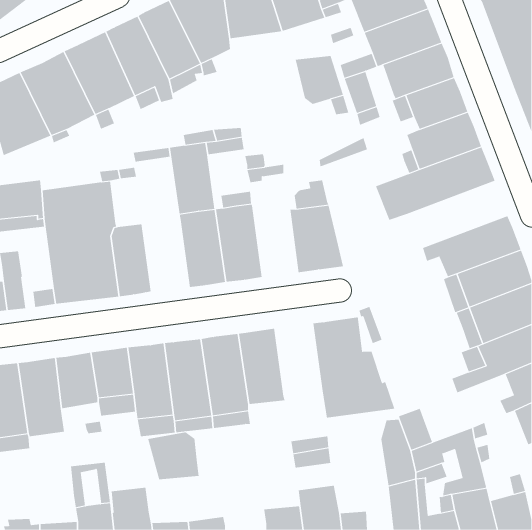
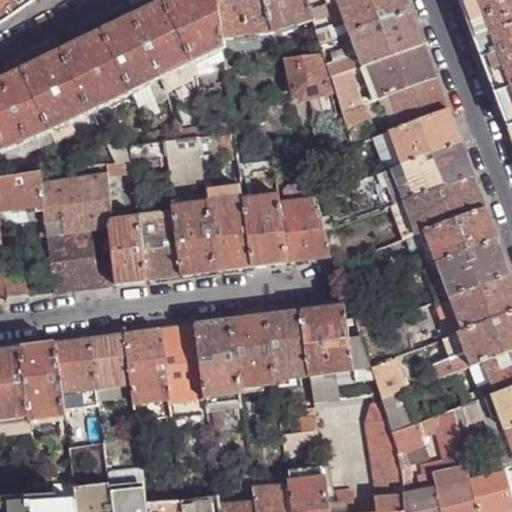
building: none -> [390,173,486,238]
building: none -> [242,193,285,265]
building: none -> [136,210,181,279]
building: none -> [263,309,308,379]
building: none -> [369,356,405,398]
building: [148,432,199,480] -> none

